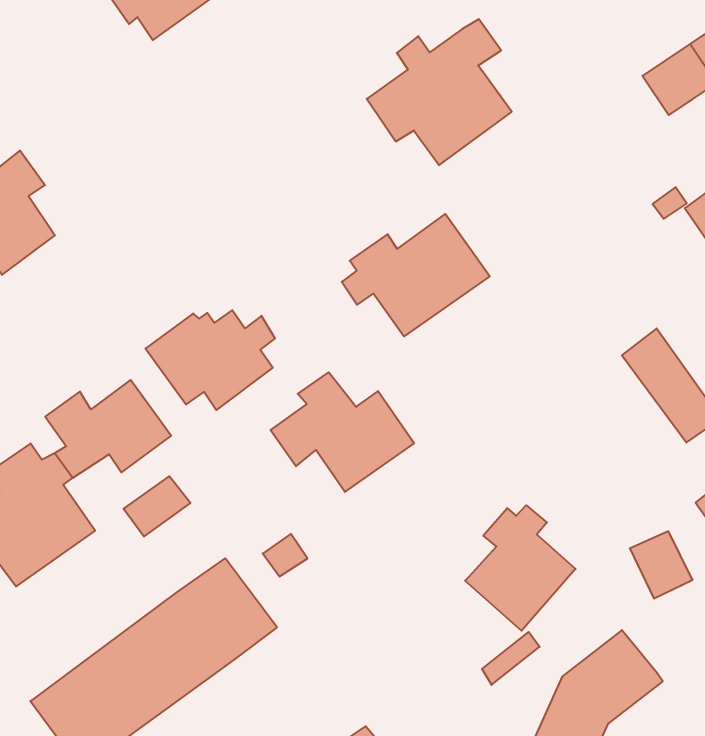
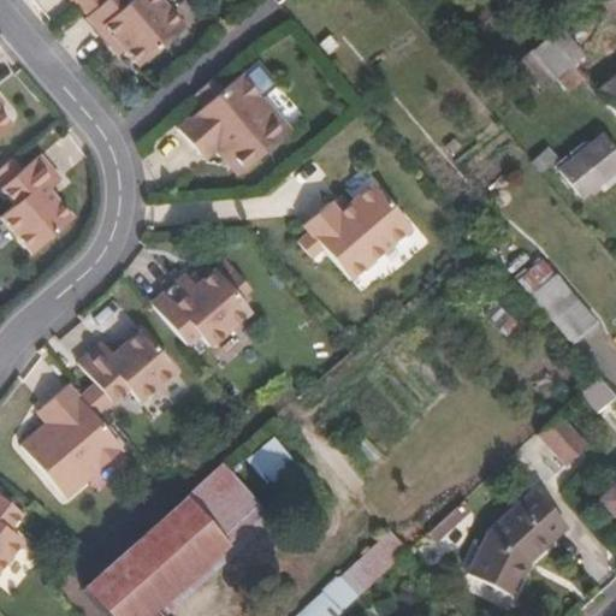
building: [367,19,512,165] -> [177,59,290,174]
building: [271,372,414,492] -> none
building: [124,476,190,537] -> none
building: [465,505,576,631] -> none

